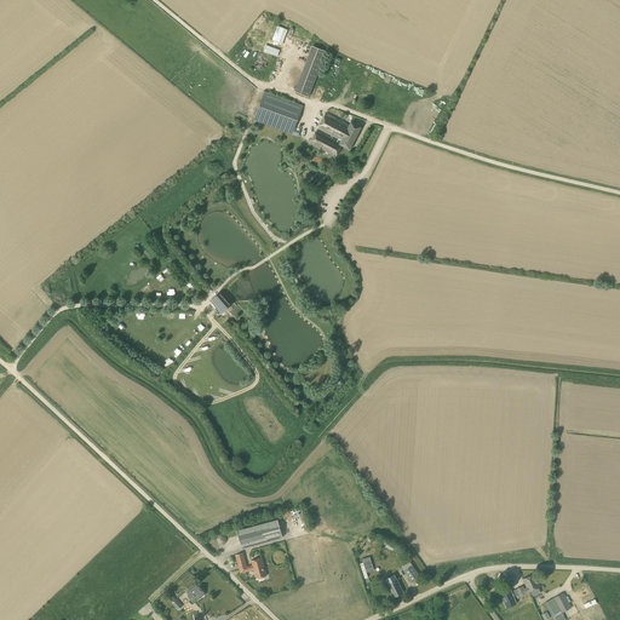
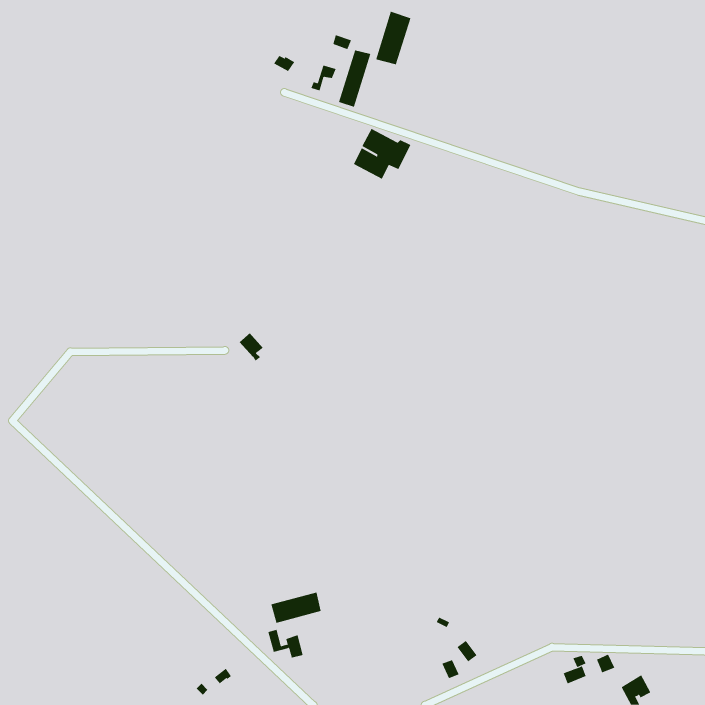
building: none -> [375,11,411,65]
building: [253,91,303,137] -> none

